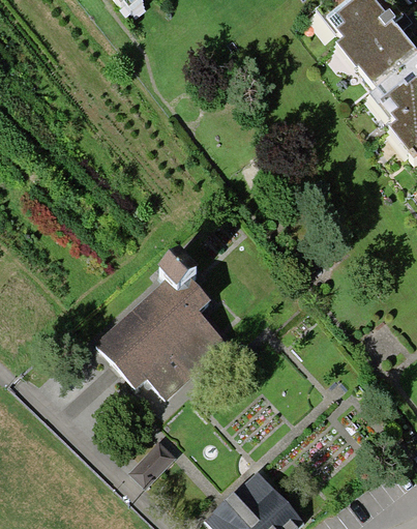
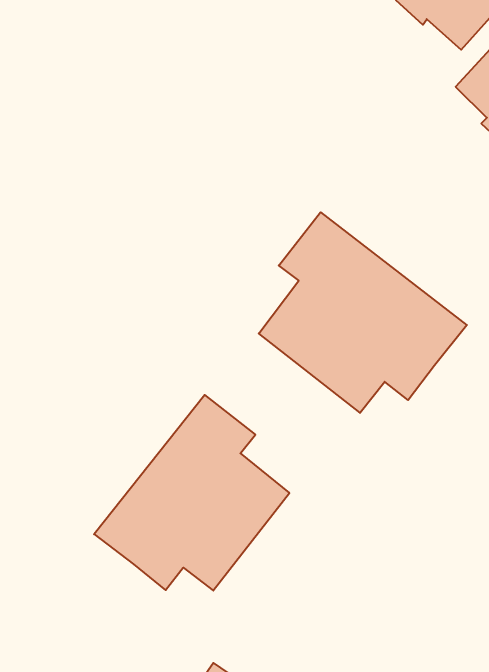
building: none -> [259,212,467,413]

